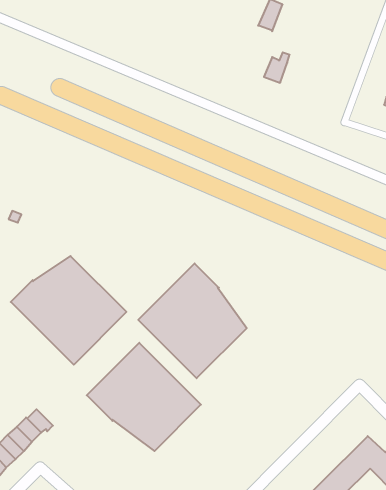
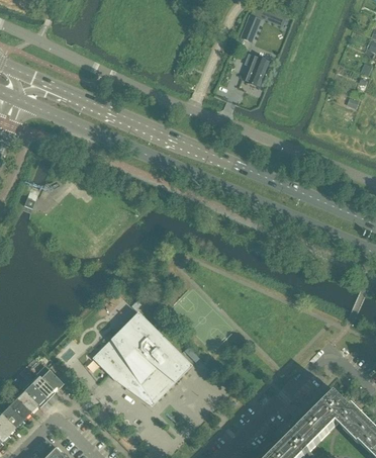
building: [11,256,126,365] -> none
building: [138,263,247,378] -> none

